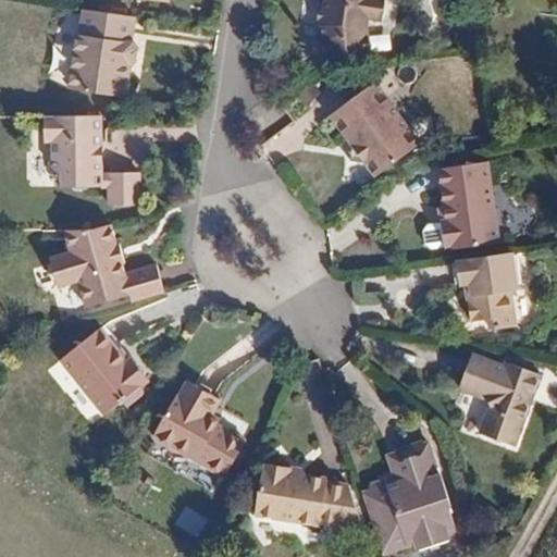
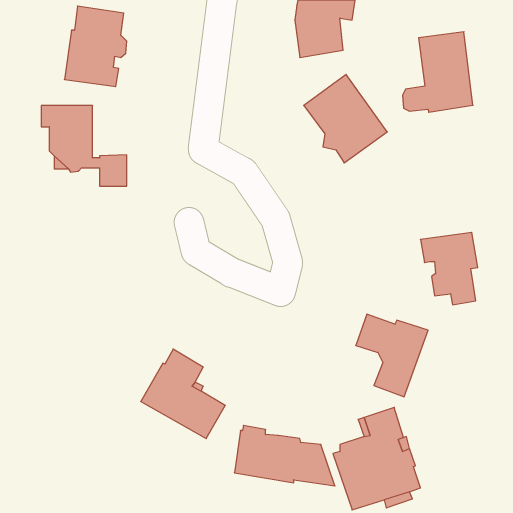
building: [421,161,497,248] -> [403,32,473,112]
building: [50,223,163,306] -> none
building: [60,327,147,414] -> none
building: [459,356,537,445] -> [356,314,428,397]

